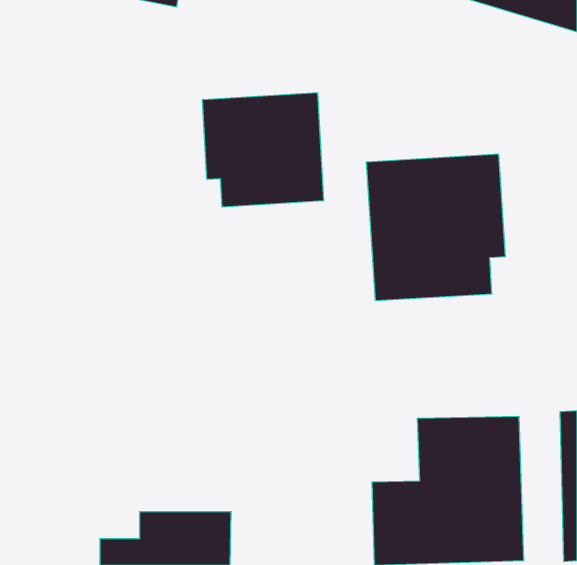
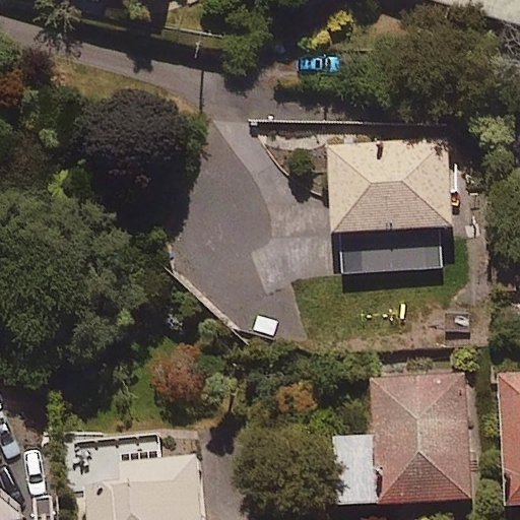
building: [203,93,323,207] -> none

